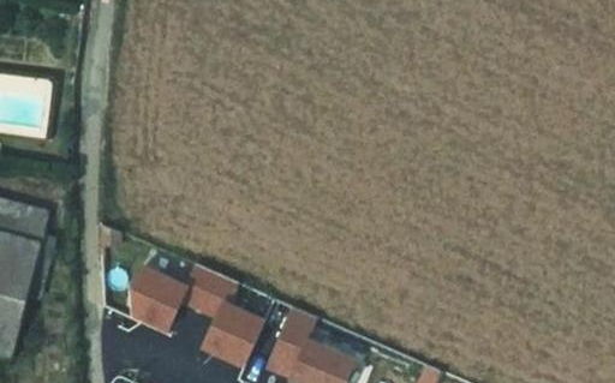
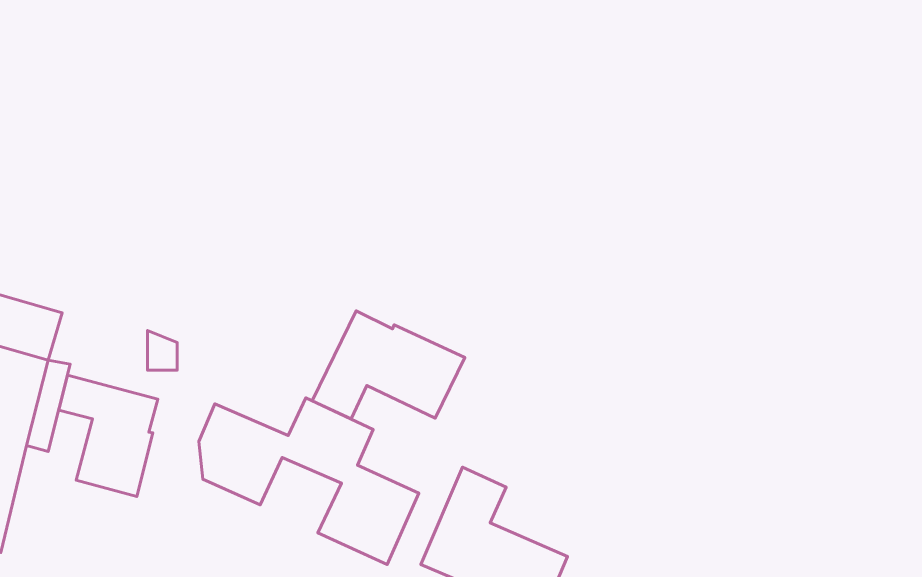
building: none -> [312,311,465,419]
building: none -> [59,375,158,497]

